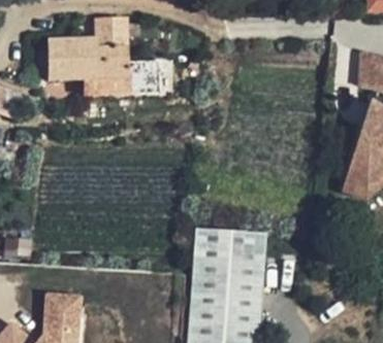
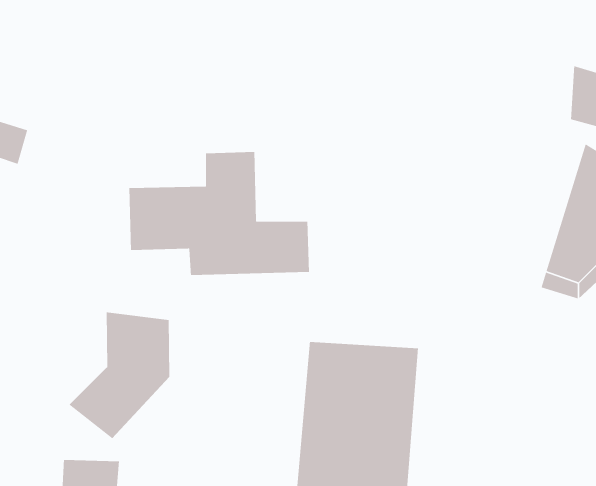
building: [46,19,159,96] -> [129,151,310,276]
building: none -> [68,311,170,439]

